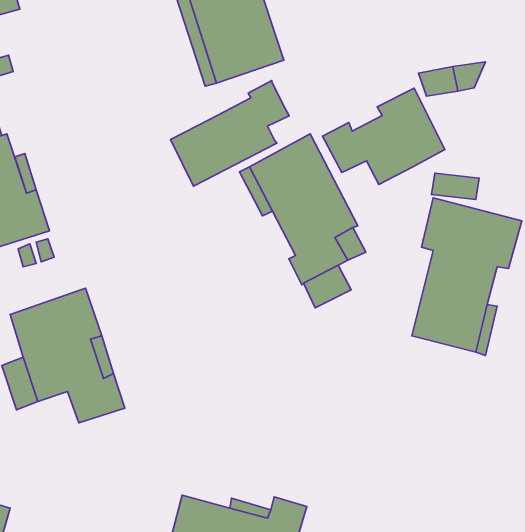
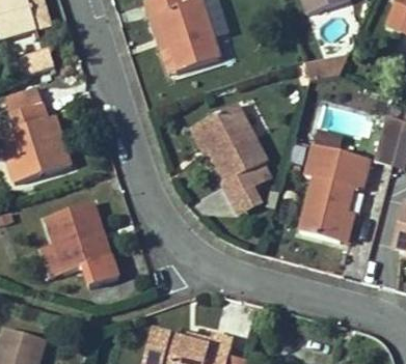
building: [171,81,289,186] -> none
building: [323,88,445,185] -> none

